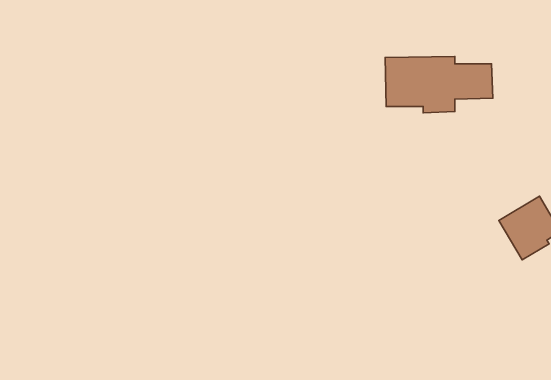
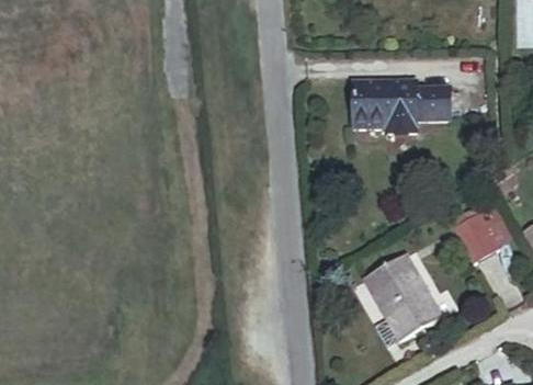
building: none -> [364,246,441,335]

